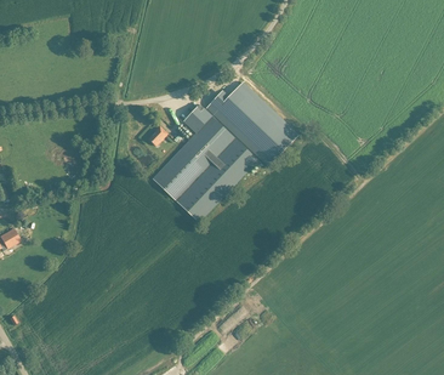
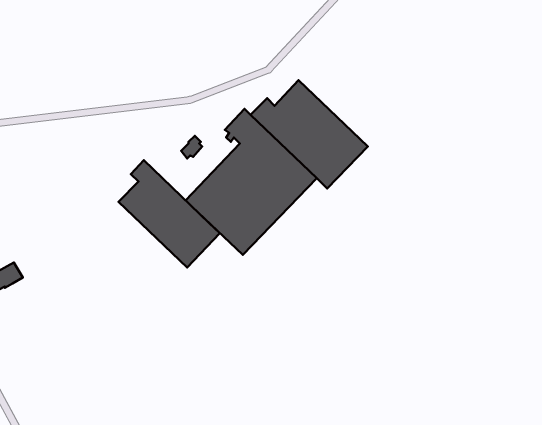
building: none -> [119,160,220,268]

